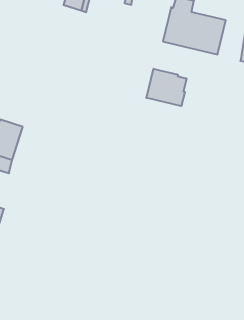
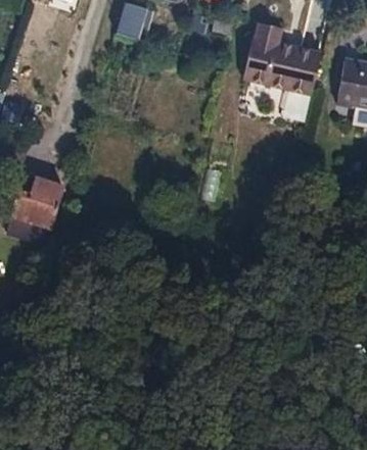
building: [146,69,186,106] -> none

